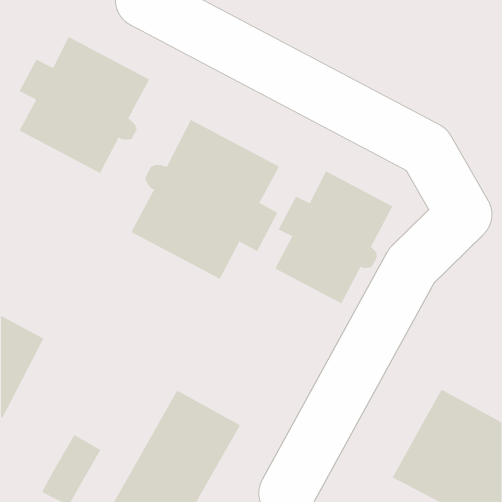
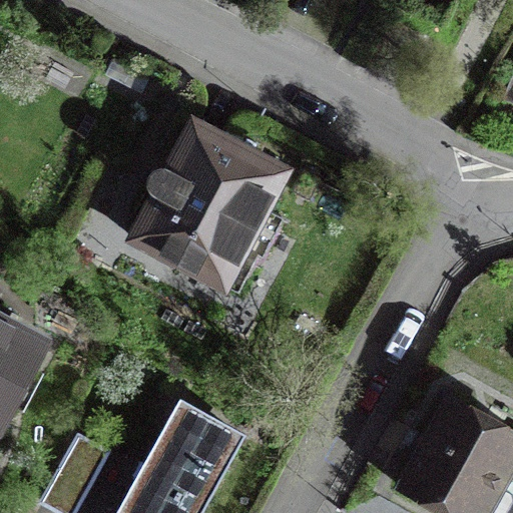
building: [19,36,150,174] -> none
building: [274,171,393,304] -> none

